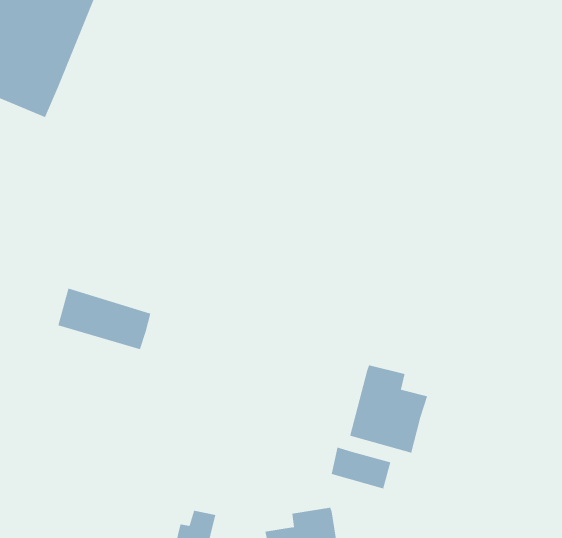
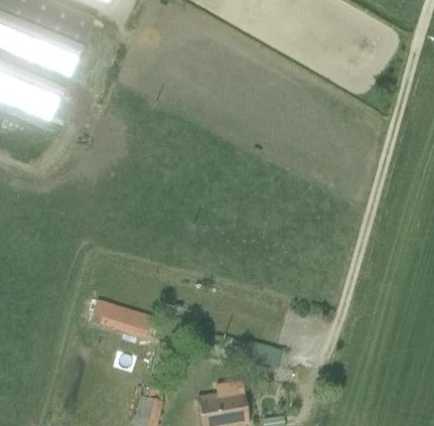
building: [57,288,151,350] -> [87,297,149,338]
building: [349,365,428,454] -> none

